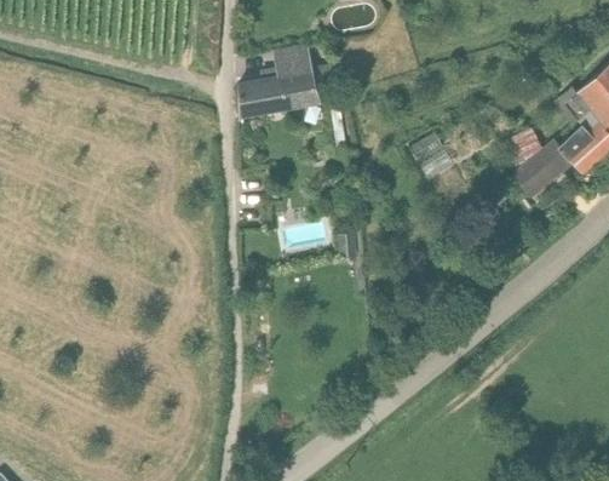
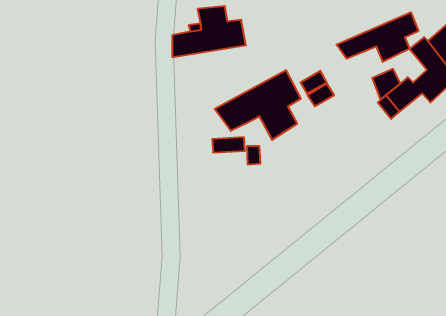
building: none -> [336,12,418,62]
building: none -> [215,70,301,140]

